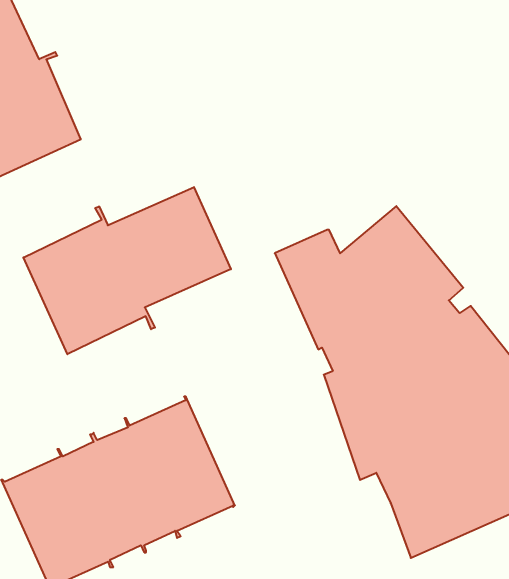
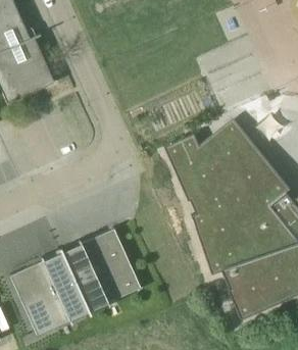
building: [23,187,231,354] -> none

